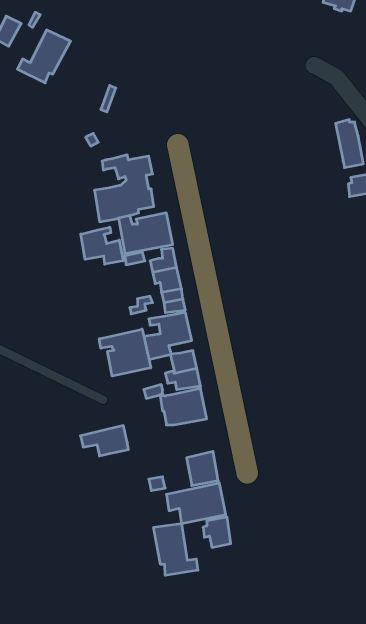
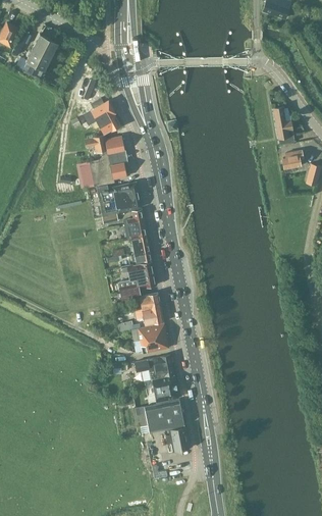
building: none -> [79,101,120,133]
building: [81,227,123,264] -> none
building: [99,329,151,376] -> none
building: [80,426,128,456] -> [135,355,173,379]
building: [154,523,198,575] -> none

